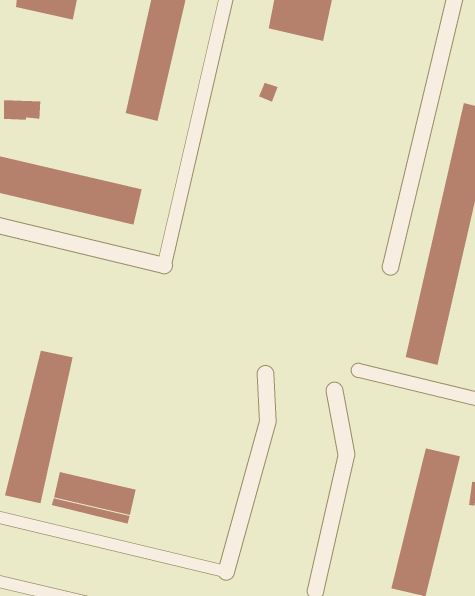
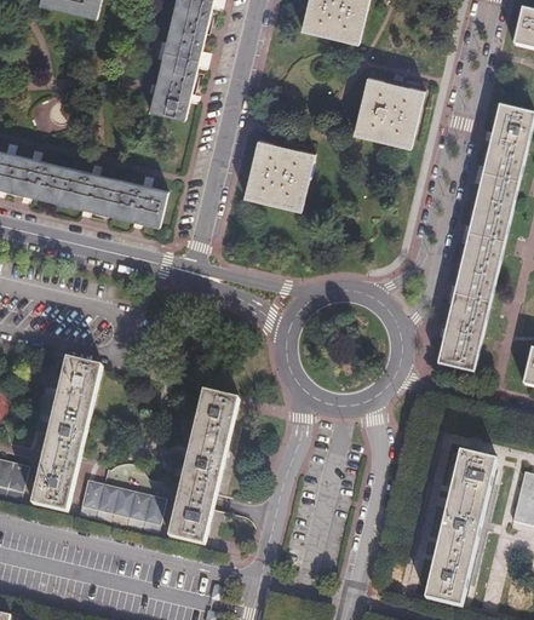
building: none -> [351,76,423,147]
building: none -> [243,140,314,208]
building: none -> [166,386,237,542]

